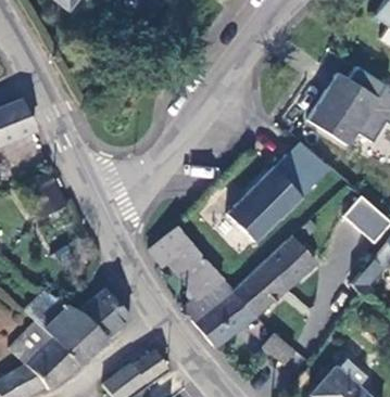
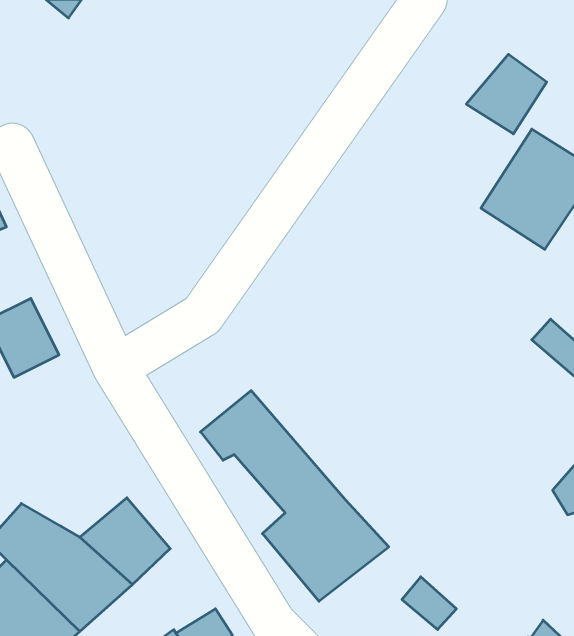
building: none -> [466,54,547,134]
building: [230,137,331,246] -> none
building: [231,235,317,316] -> none

